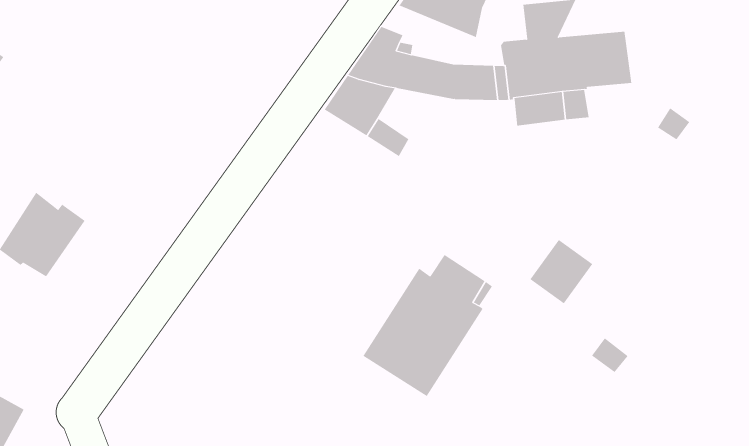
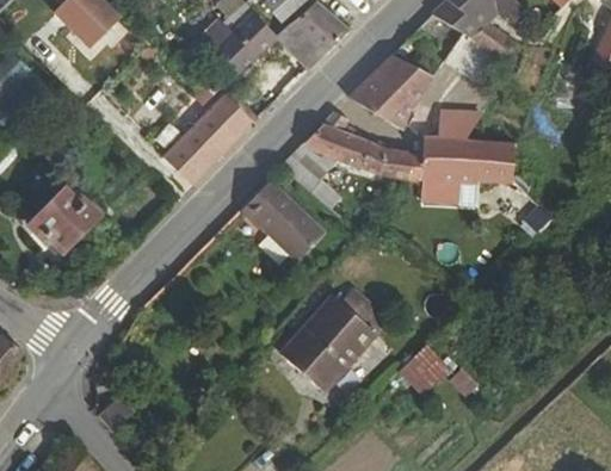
building: none -> [162,95,251,185]
building: none -> [240,178,323,260]
building: [530,239,593,304] -> [400,345,449,393]

